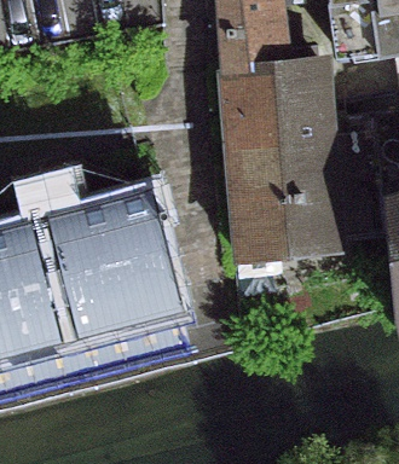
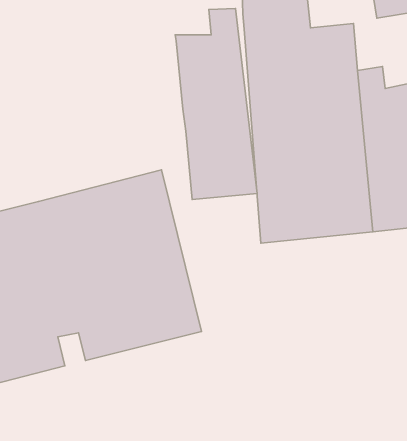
building: none -> [175,8,257,200]

